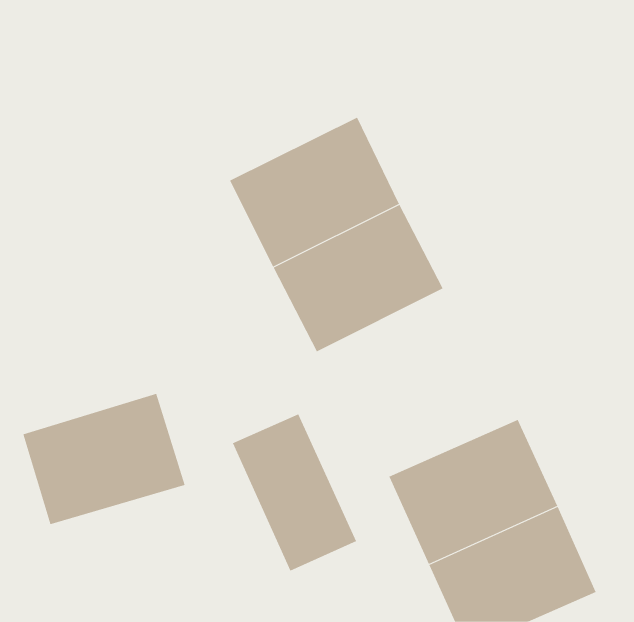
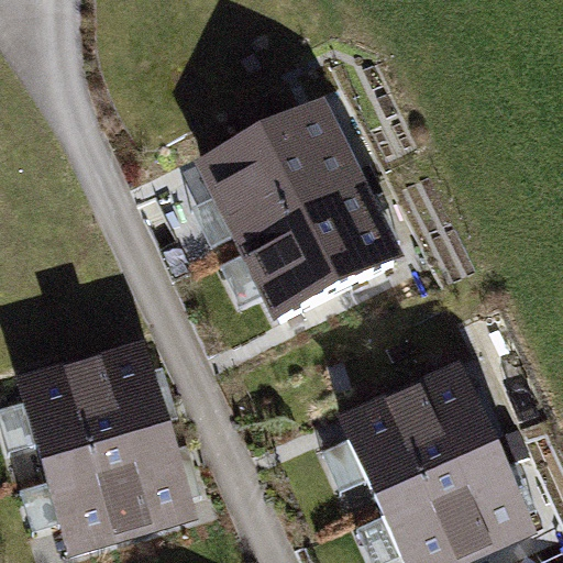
building: [232,414,357,571] -> none
building: none -> [44,429,188,545]

